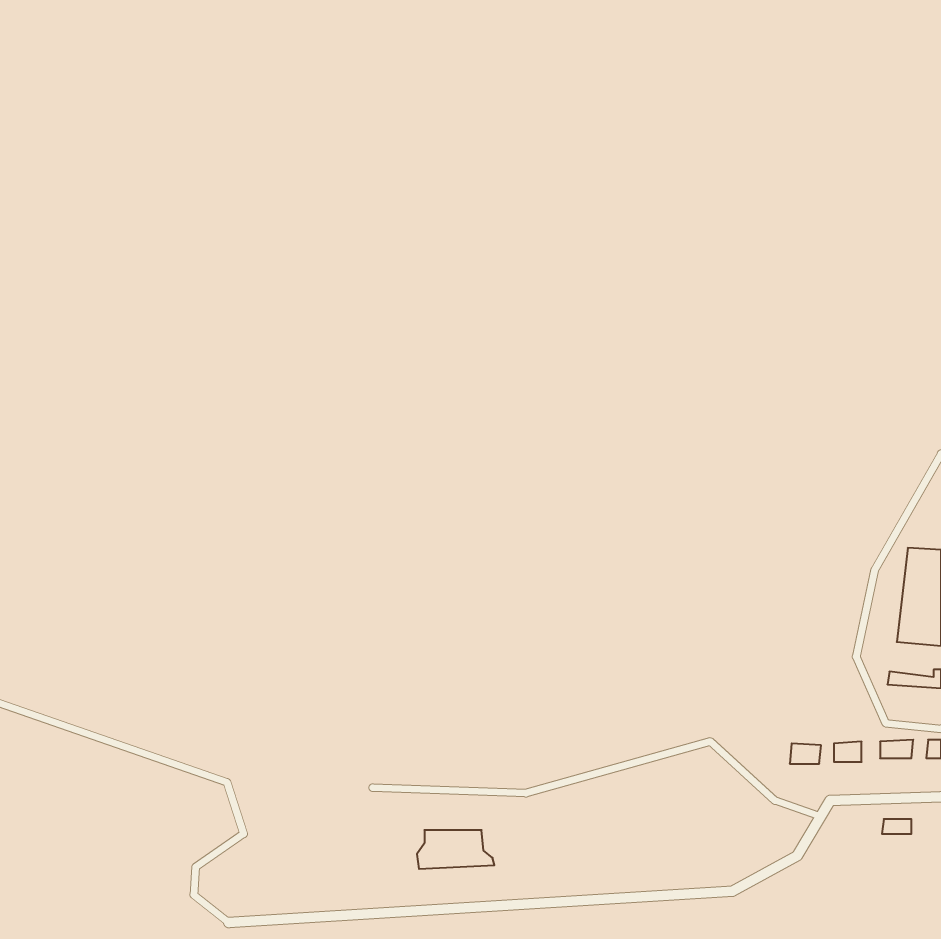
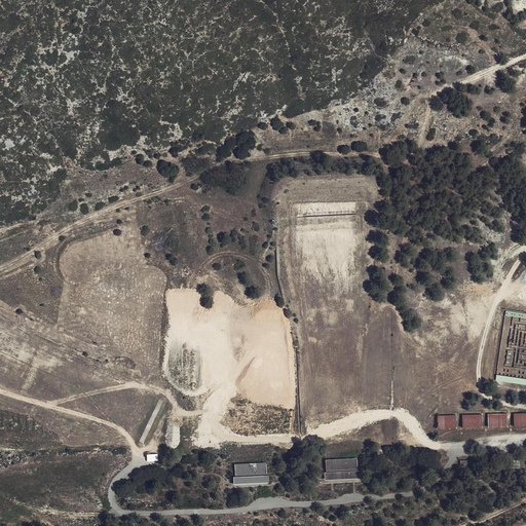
building: none -> [323,458,364,479]

